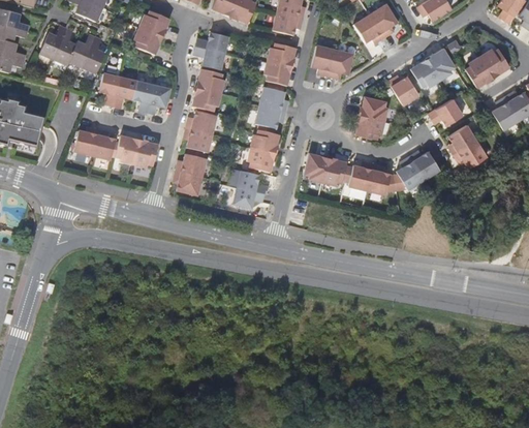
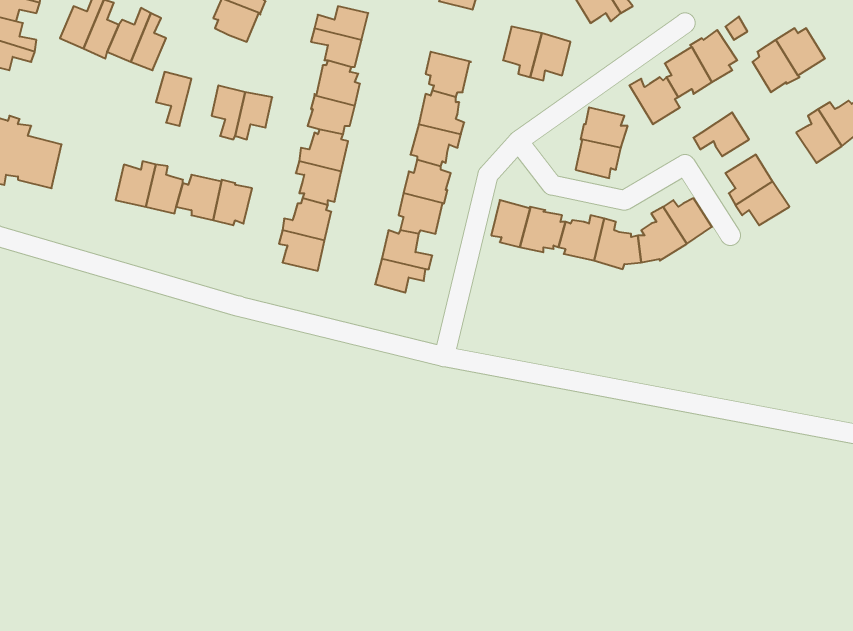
building: [267,43,295,67] -> none
building: [113,78,136,109] -> none

